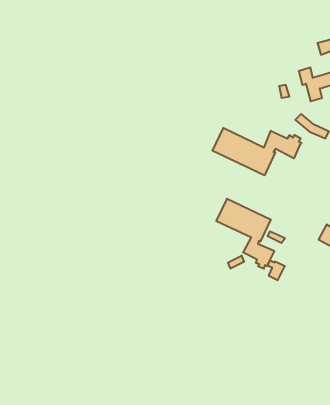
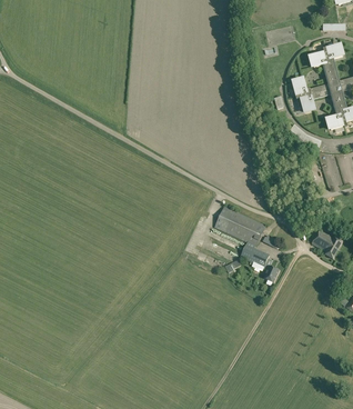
building: [213,128,302,175] -> none

